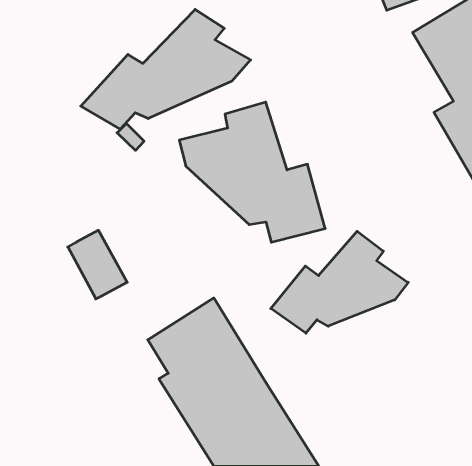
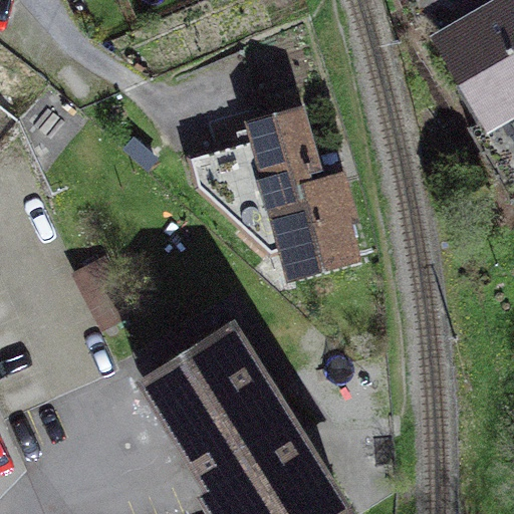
building: [81,9,251,129] -> none
building: [271,231,408,333] -> none

